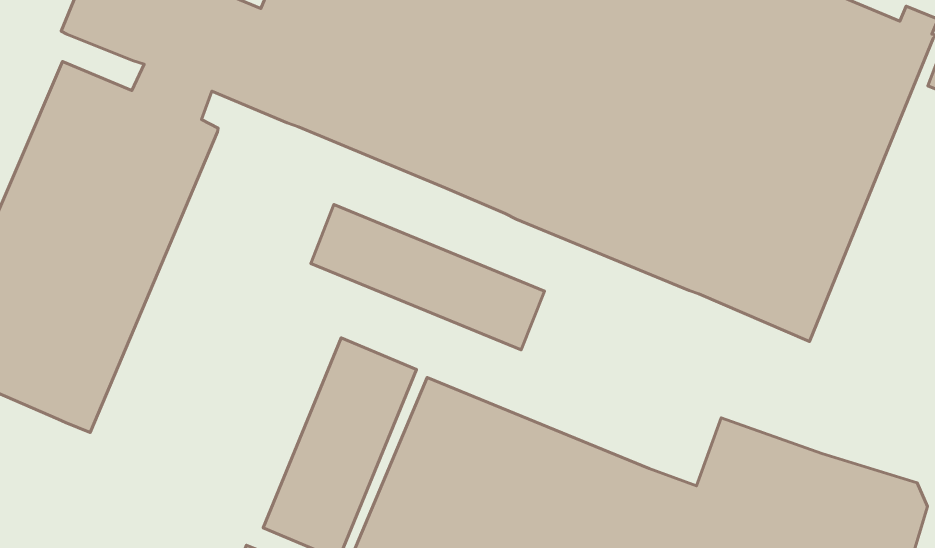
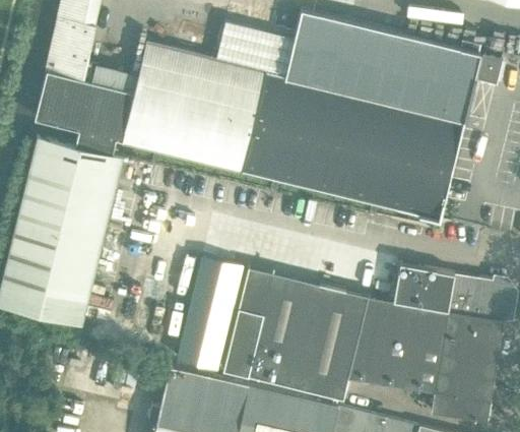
building: [311,205,544,350] -> none

